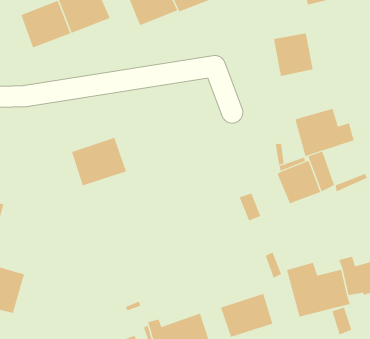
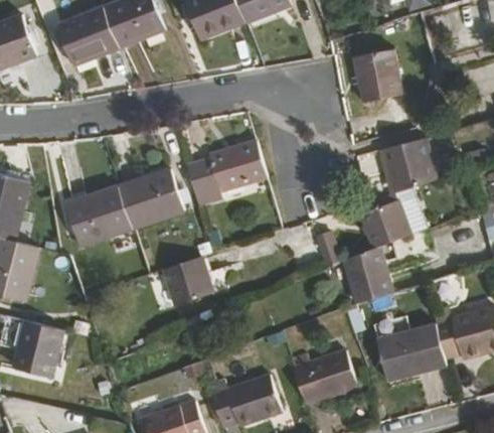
building: none -> [185,142,266,204]
building: none -> [64,186,131,245]
building: none -> [348,243,399,293]
building: none -> [170,254,219,302]

